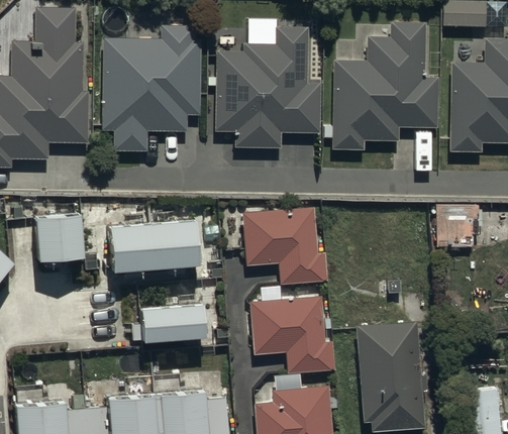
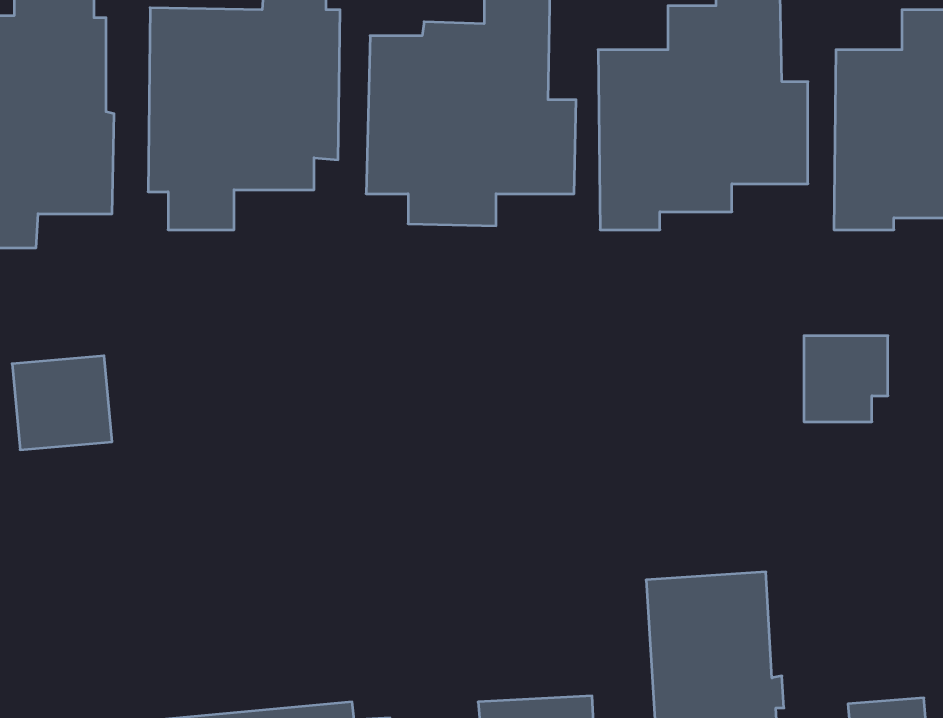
building: [242,209,326,285] -> none
building: [110,221,202,274] -> none
building: [250,298,336,373] -> none
building: [141,304,207,343] -> none

